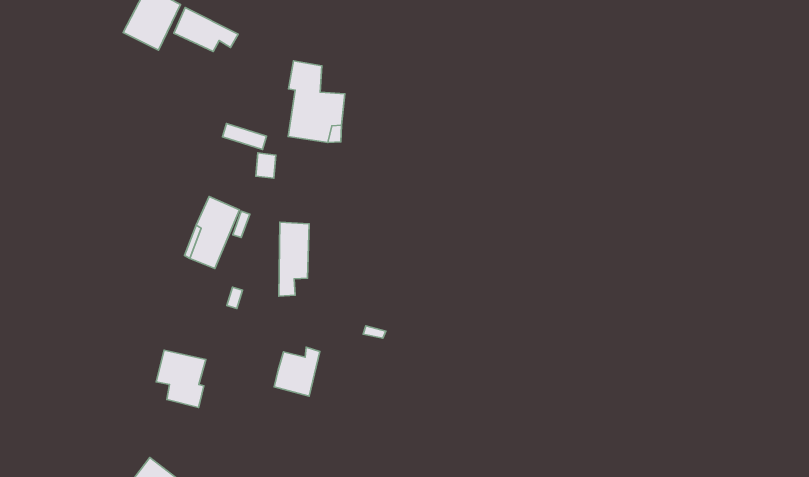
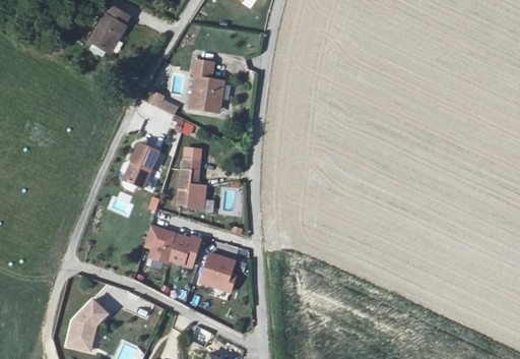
building: [174,8,238,51] -> none
building: [156,350,206,408] -> [146,227,178,263]
building: none -> [204,253,239,292]

